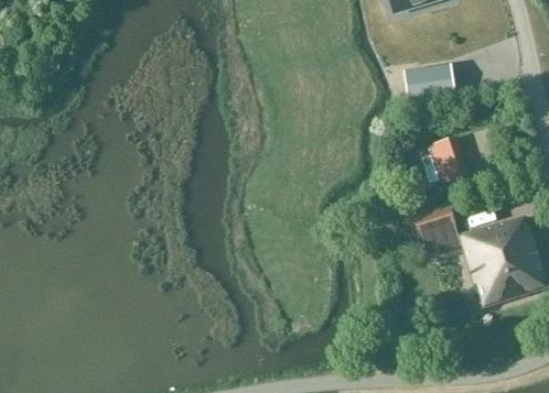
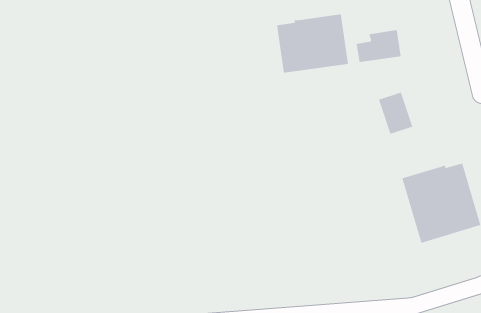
building: none -> [276,14,348,73]
building: [411,203,455,237] -> none

